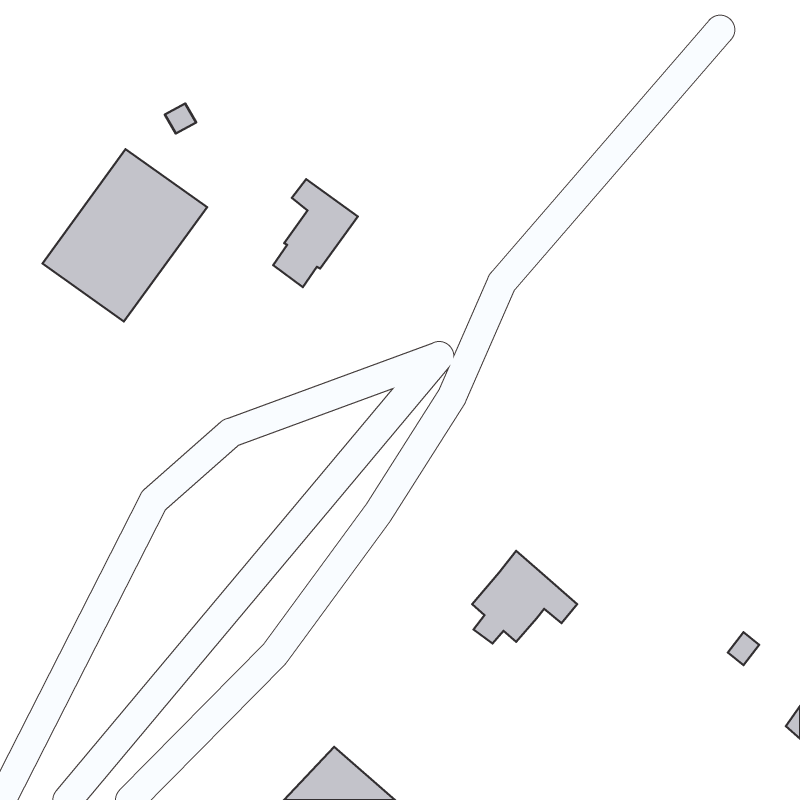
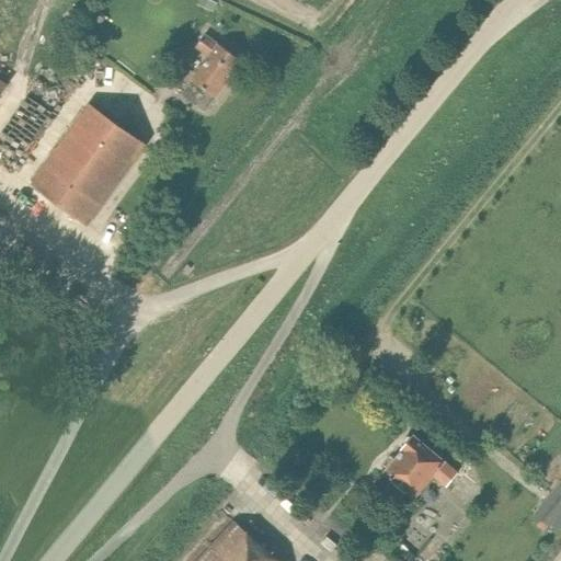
building: [273,179,358,287] -> [182,35,241,111]
building: [472,551,577,643] -> [382,435,456,500]

